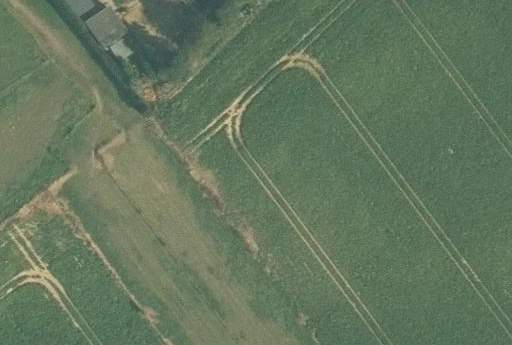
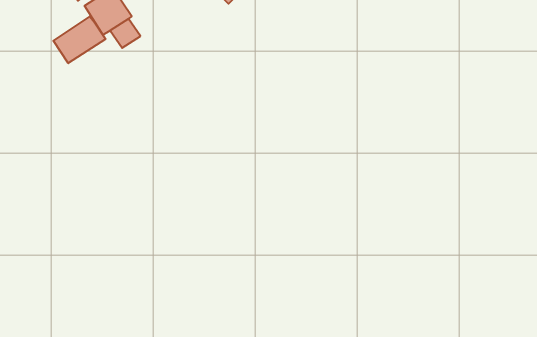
building: none -> [53,17,105,63]

